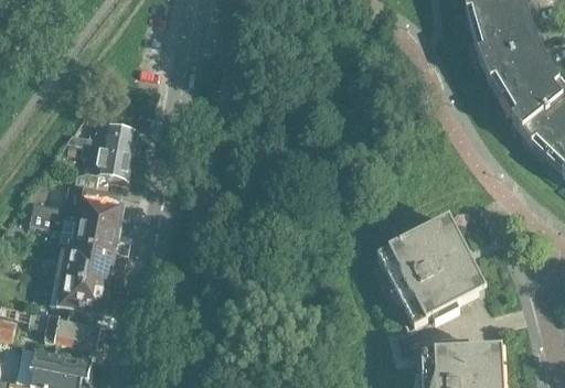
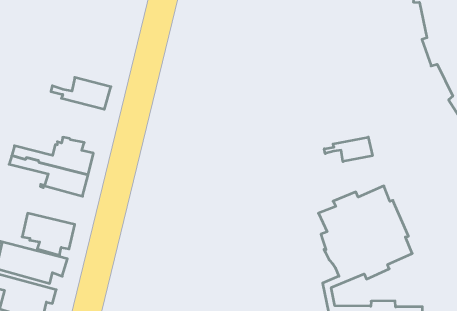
building: [75,144,132,190] -> none
building: none -> [324,137,372,162]
building: [55,242,115,283] -> none

